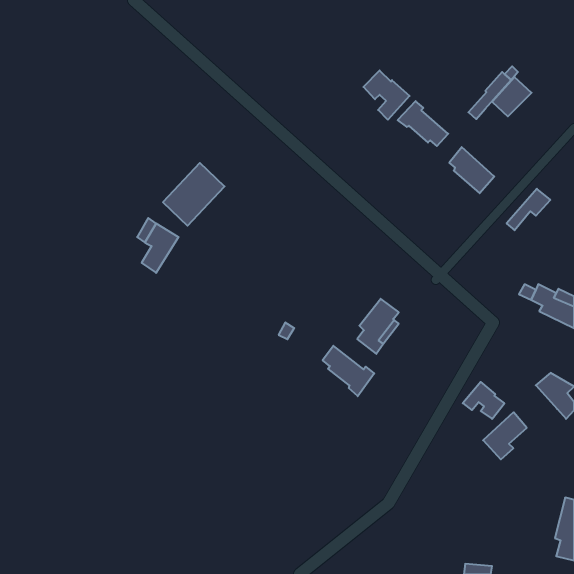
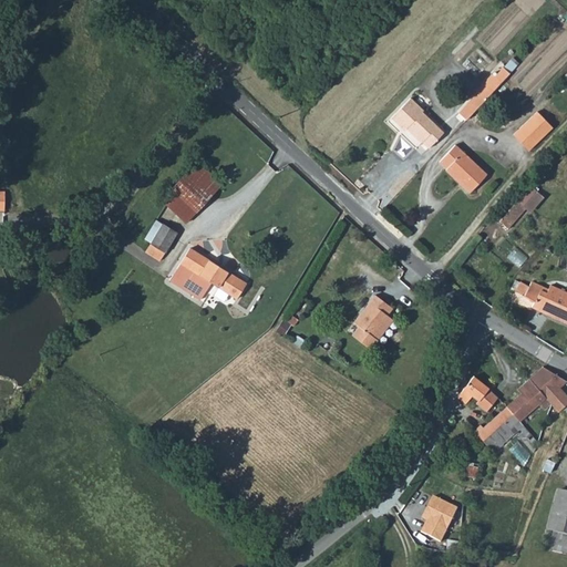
building: [363,70,410,120] -> none
building: [492,77,532,116] -> [517,110,556,148]
building: none -> [169,248,247,300]
building: [323,346,374,396] -> none
building: none -> [506,380,549,422]
building: none -> [420,497,456,543]

